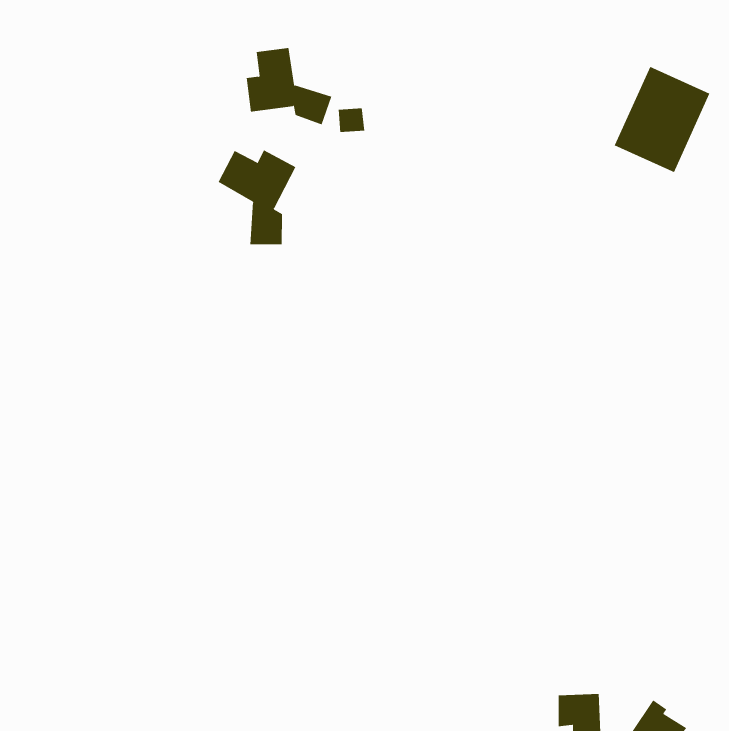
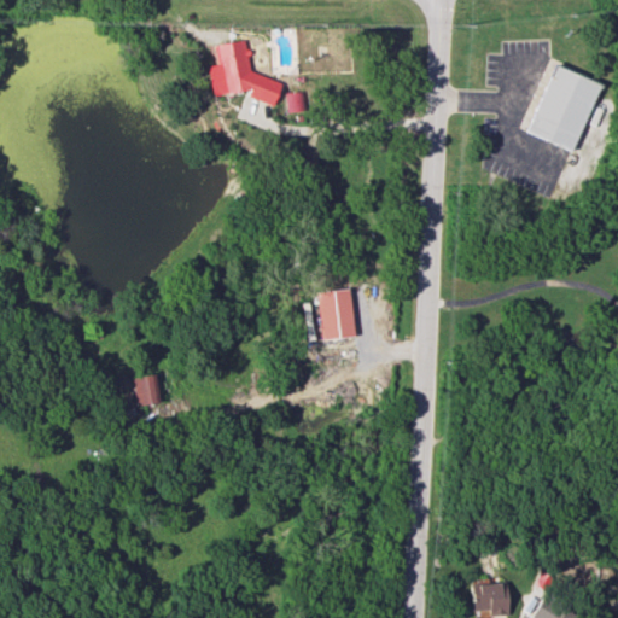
building: [218,150,296,245] -> none
building: none -> [319,291,356,343]
building: none -> [138,378,163,407]

